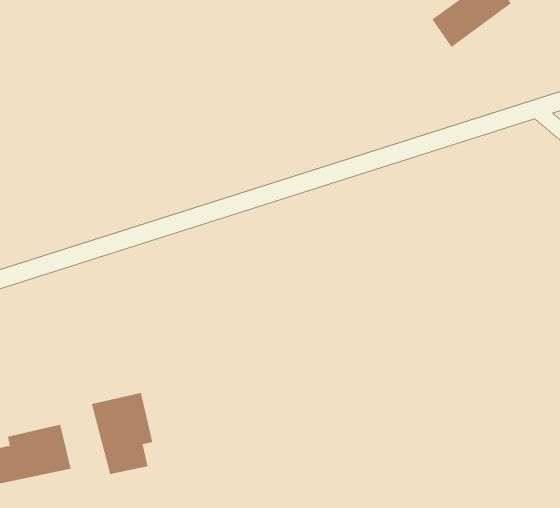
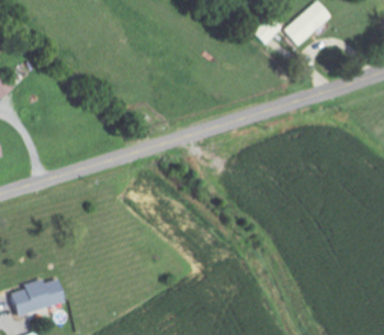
building: [91,392,153,475] -> none

